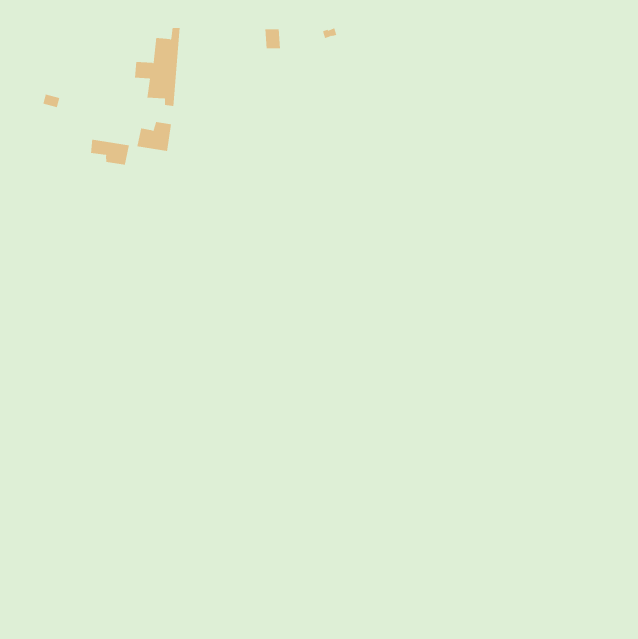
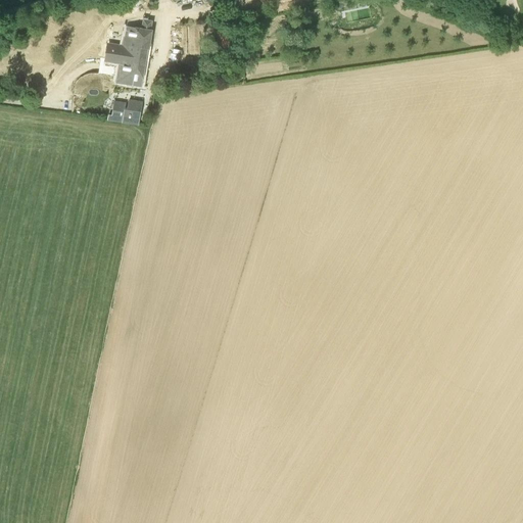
building: [90,139,129,166] -> none

